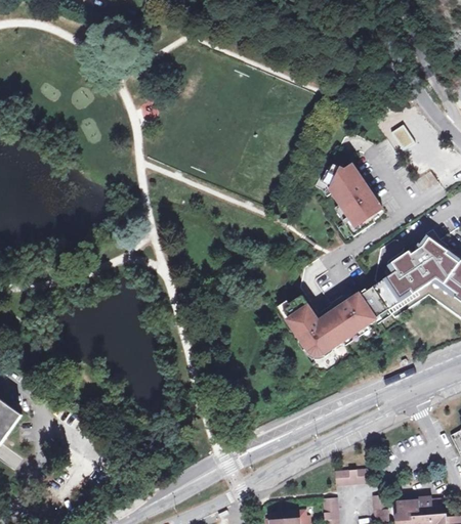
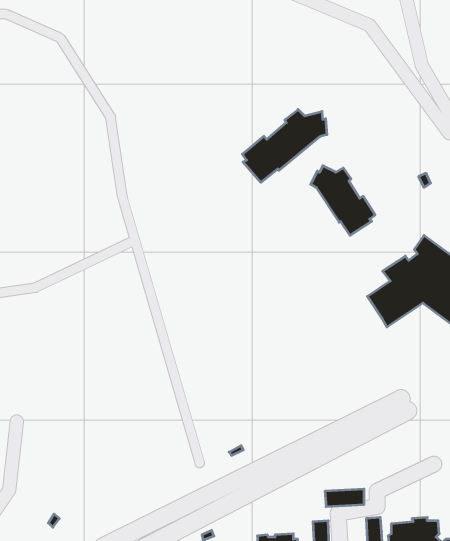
building: none -> [242,109,327,182]
building: [283,288,388,355] -> none

